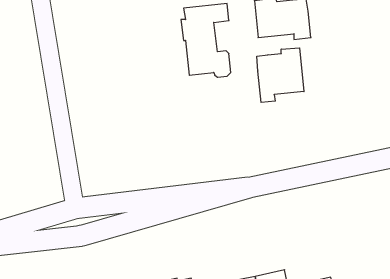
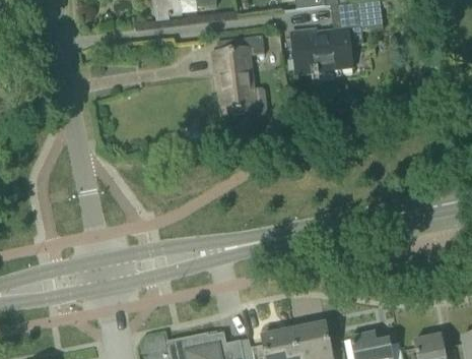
building: [257,48,304,102] -> none

